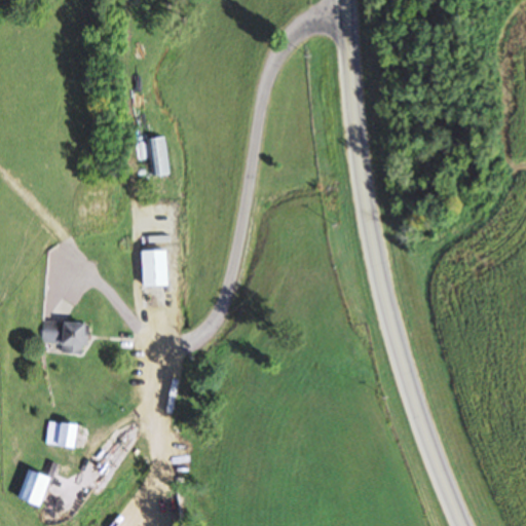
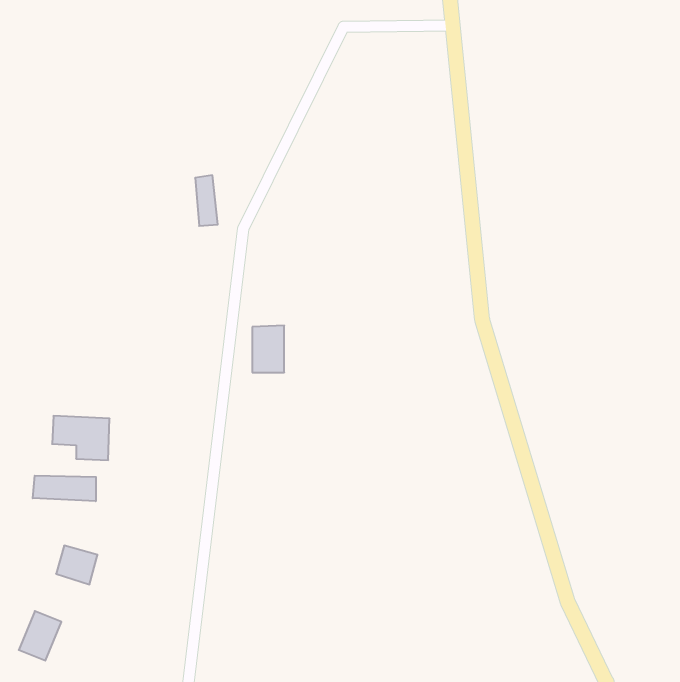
building: [142,249,166,285] -> [252,326,284,372]
building: none -> [33,476,96,501]

